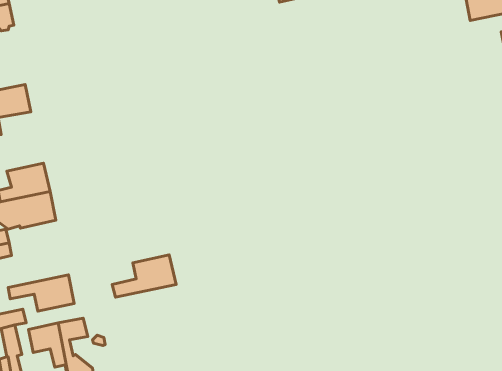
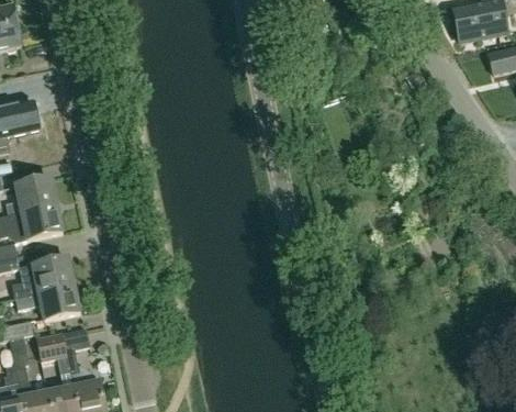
building: [112,255,176,297] -> [12,257,74,298]

